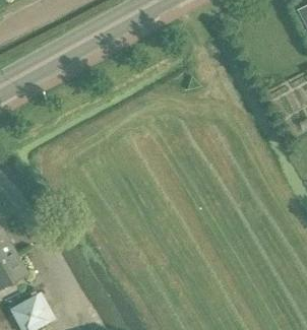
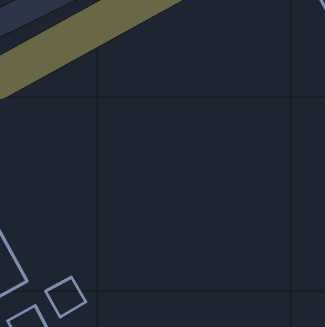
building: none -> [46,277,86,317]

